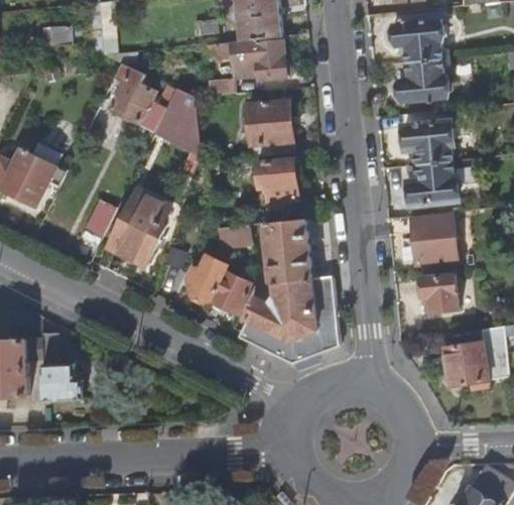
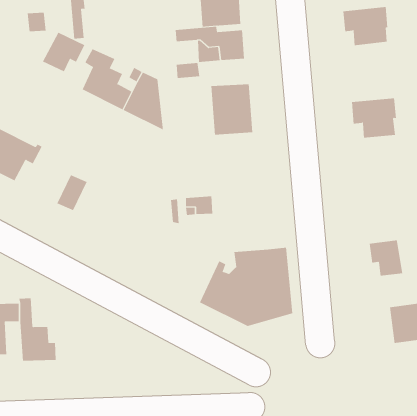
building: none -> [42,32,85,72]
building: [395,56,445,102] -> none
building: [406,157,454,200] -> none
building: [255,160,296,203] -> none
building: [106,191,166,264] -> none
building: [410,214,453,262] -> none
building: [265,219,310,283] -> none
building: [184,255,252,315] -> none

